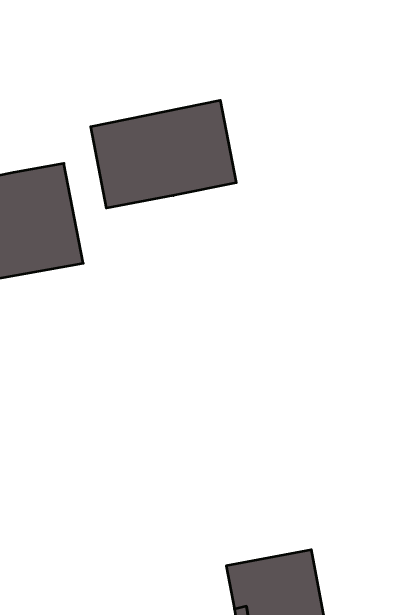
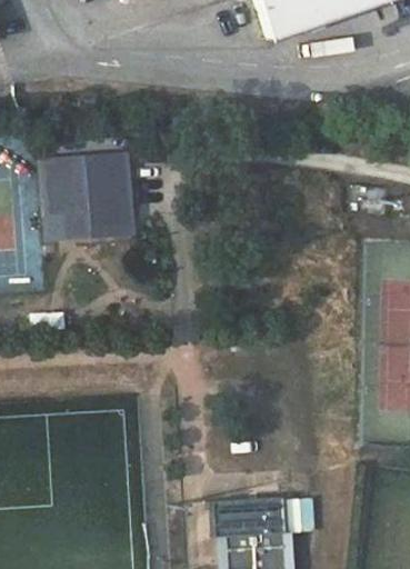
building: [91,100,236,208] -> none

